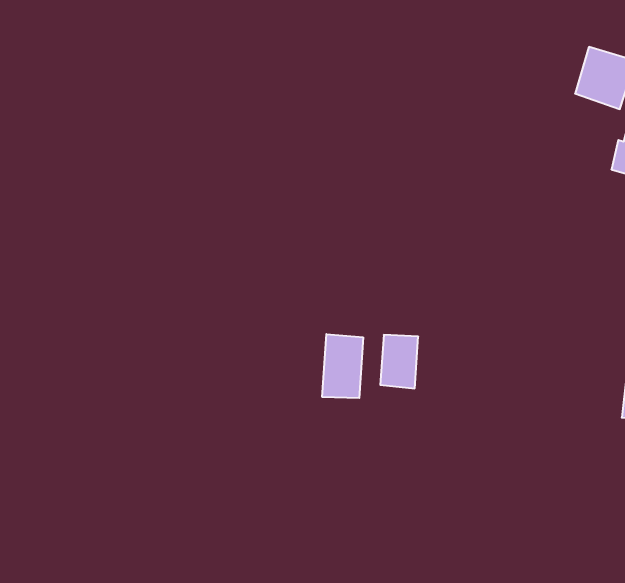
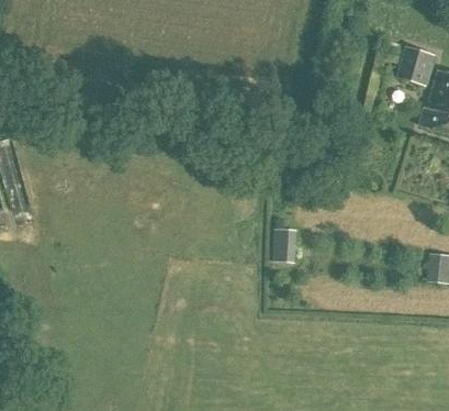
building: [322,334,363,398] -> none

